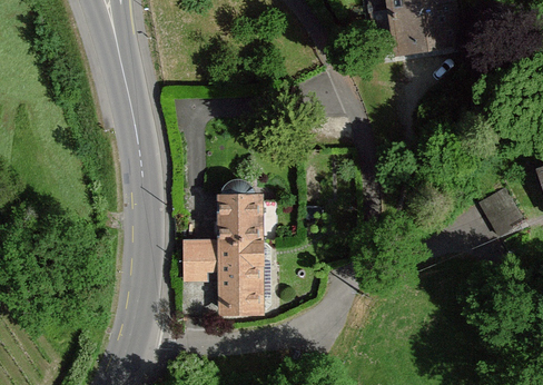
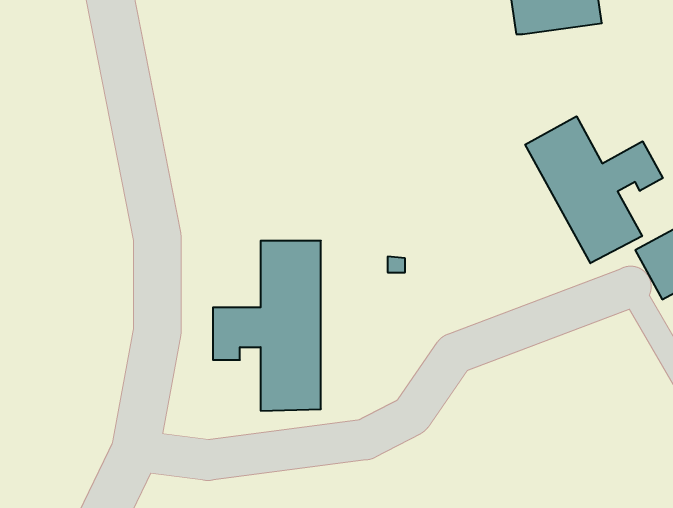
building: none -> [525,116,663,263]

